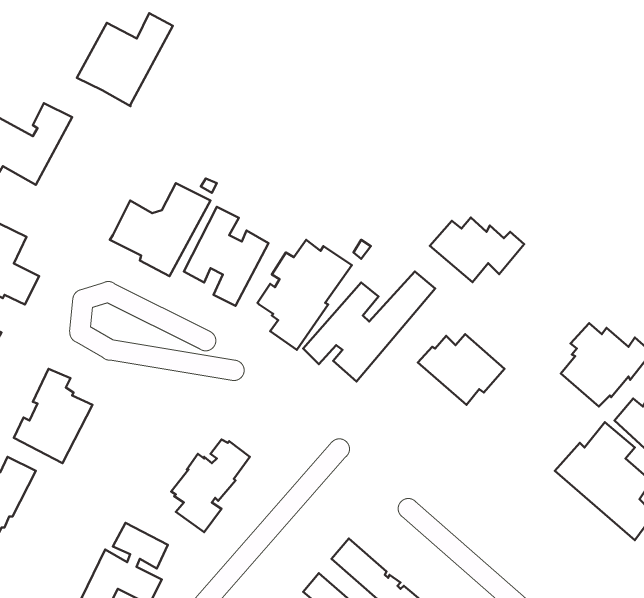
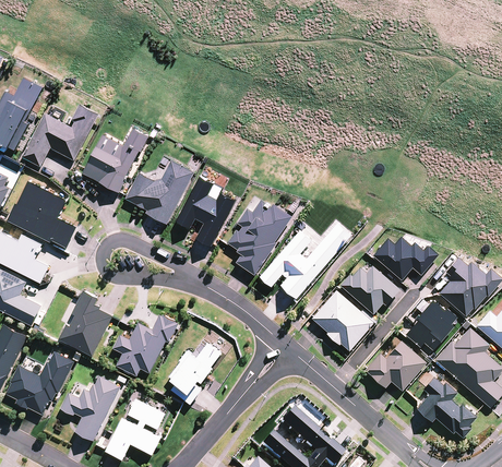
building: [77,13,173,106] -> [83,129,150,193]
building: [430,218,524,282] -> [372,236,438,280]
building: none -> [311,289,373,351]
building: none -> [405,299,457,349]
building: none -> [112,312,179,374]
building: none -> [364,340,426,391]
building: none -> [60,374,121,439]
building: none -> [416,376,476,438]

